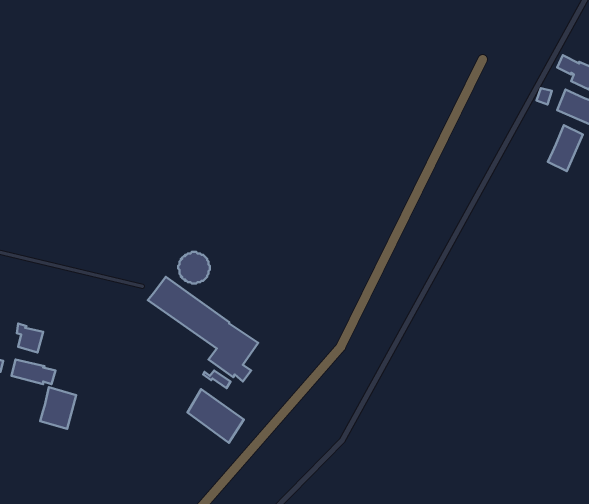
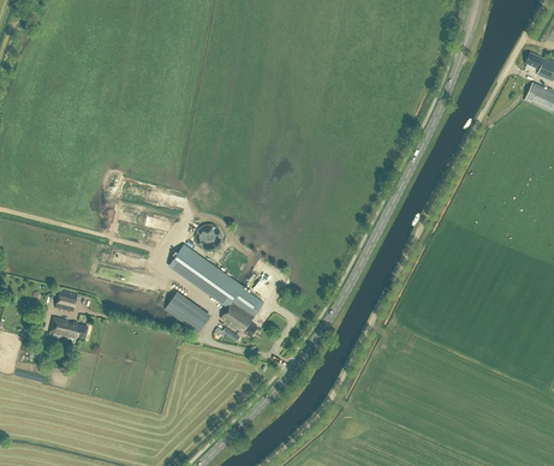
building: [548,125,583,171] -> none
building: [40,387,76,429] -> none
building: [187,389,244,443] -> [161,287,210,334]

